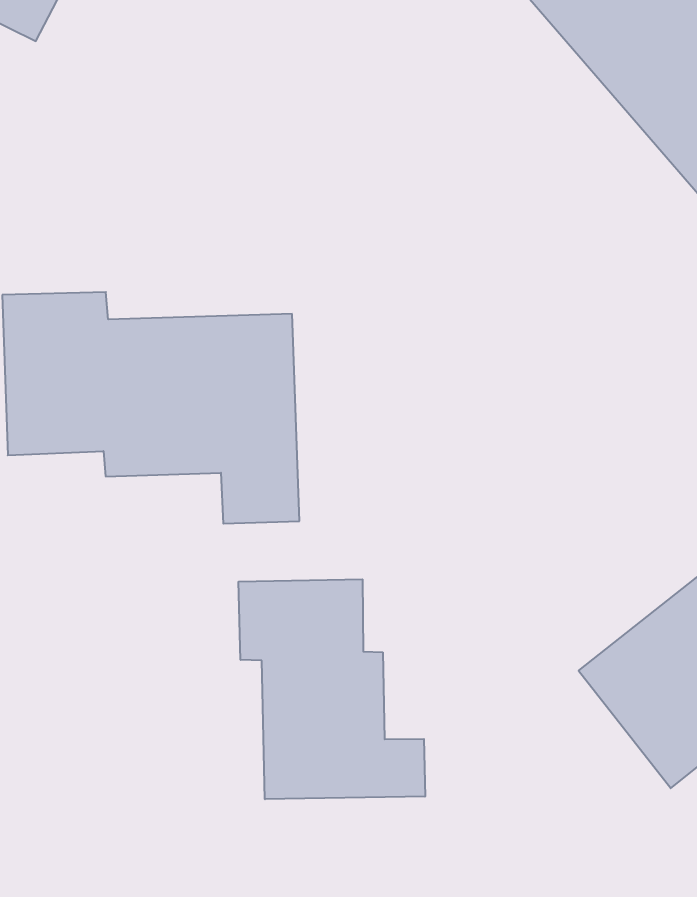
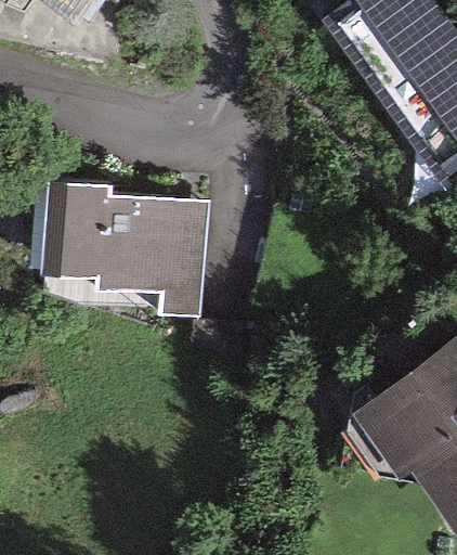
building: [239,579,425,799] -> none

